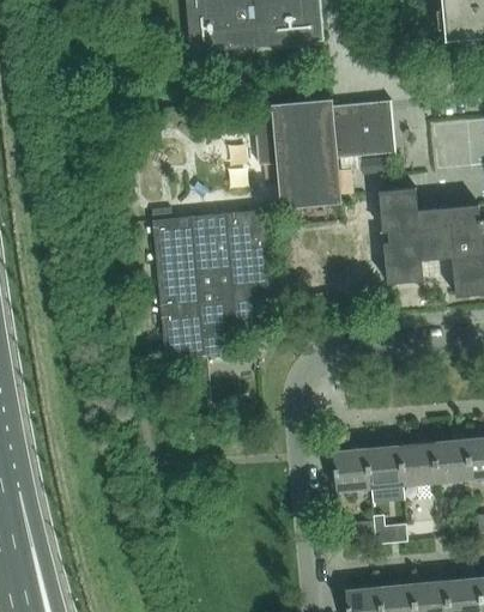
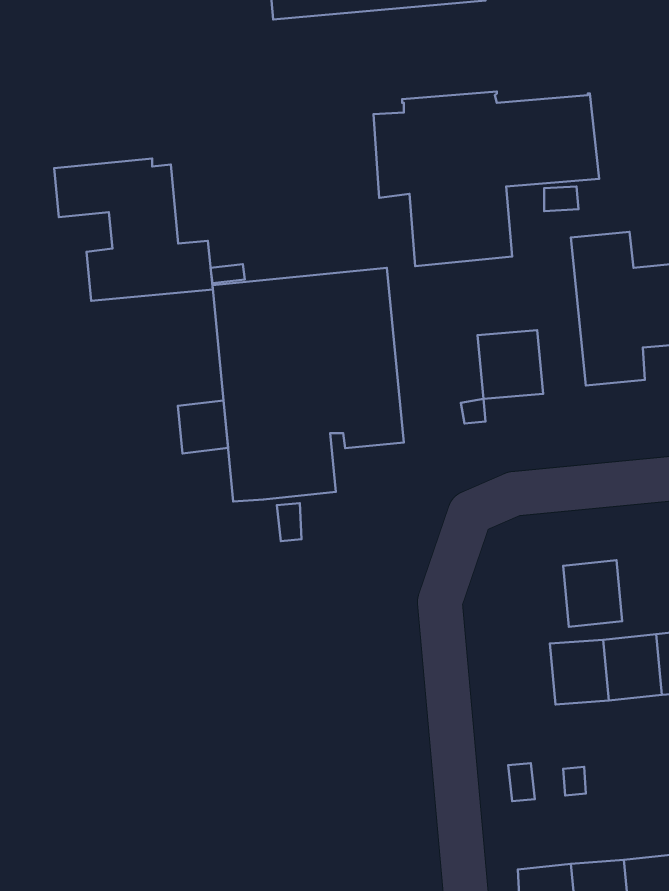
building: none -> [54,159,213,301]
building: none -> [477,330,543,399]
building: none -> [178,400,228,453]
building: [332,448,369,490] -> [563,560,622,627]

